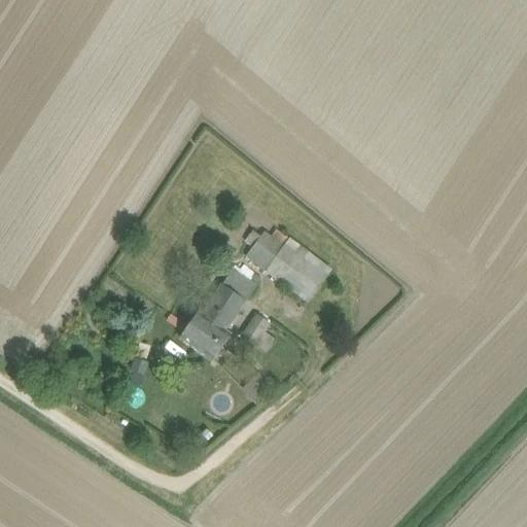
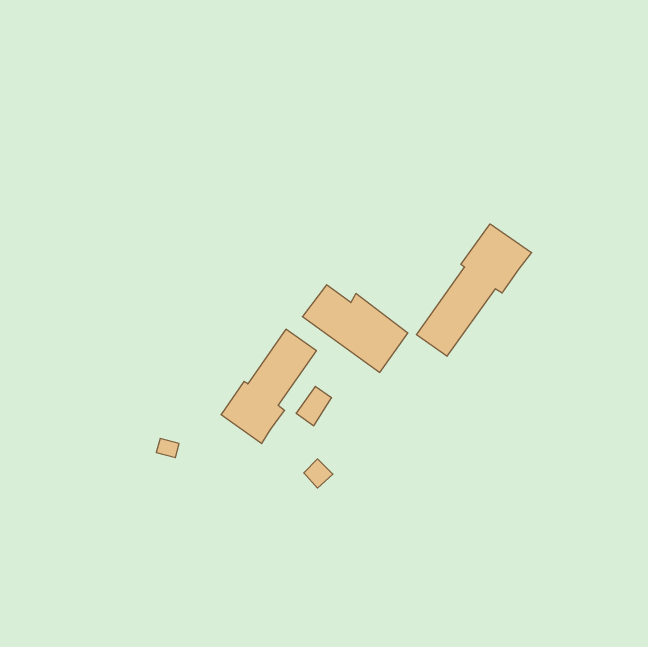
building: none -> [416,224,532,356]

